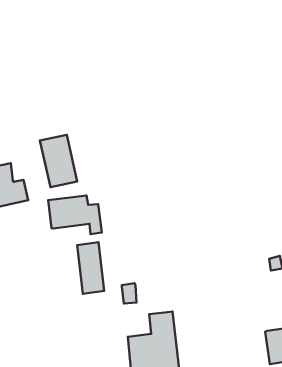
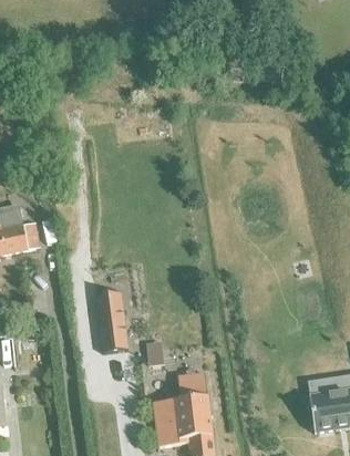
building: [40,135,77,187] -> none
building: [48,195,102,234] -> none

